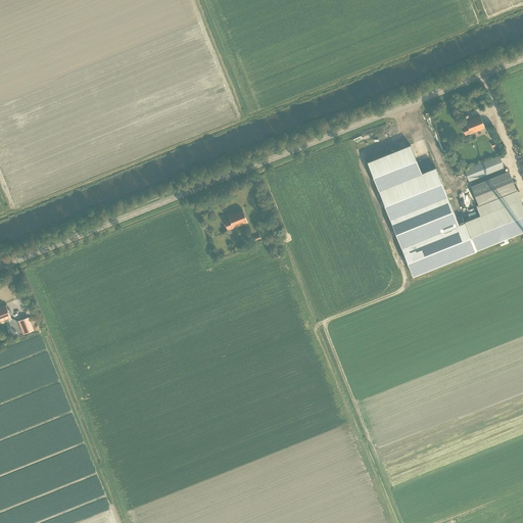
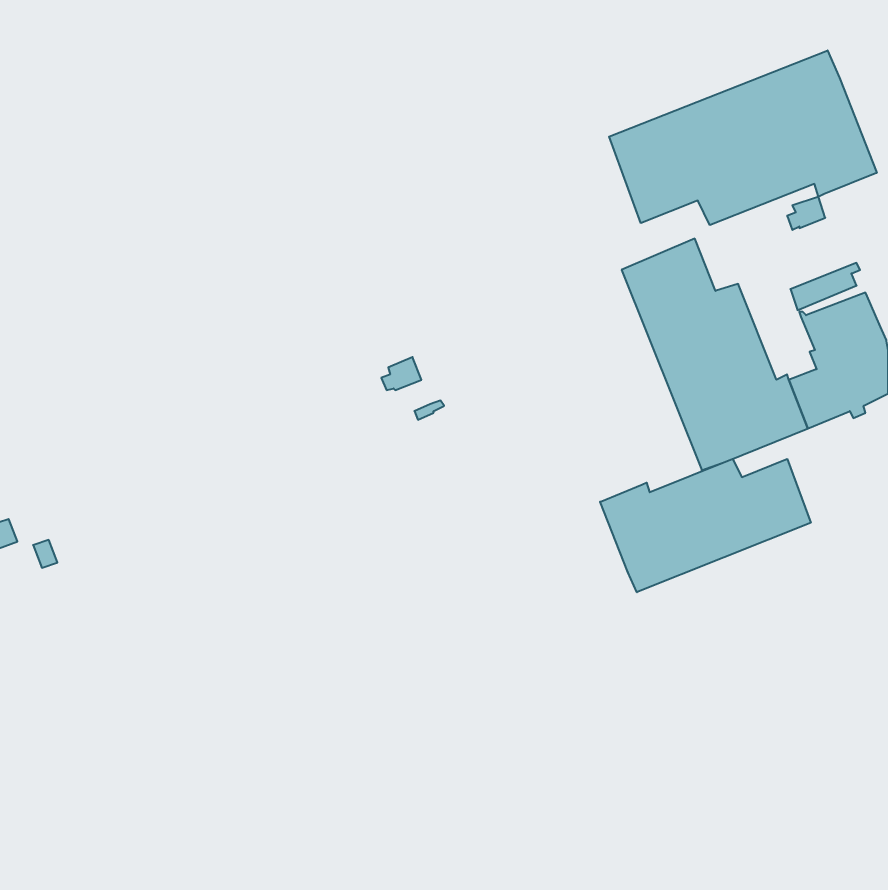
building: none -> [609,50,877,225]
building: none -> [600,459,811,592]

